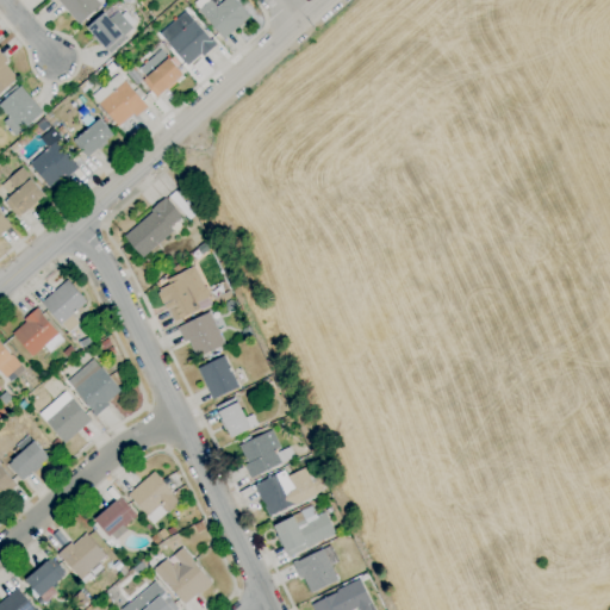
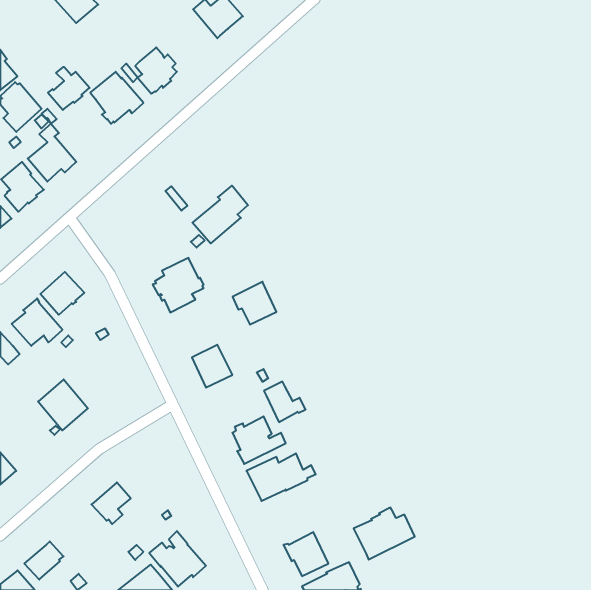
building: [87,5,132,54] -> none
building: [160,11,217,66] -> none
building: [71,113,114,157] -> [48,67,90,110]
building: [124,198,181,257] -> [192,186,248,243]
building: [179,312,224,356] -> [233,282,276,325]
building: [67,359,120,417] -> none
building: [216,397,259,438] -> [264,382,306,422]
building: [7,441,49,480] -> none
building: [129,471,180,524] -> none
building: [273,504,336,558] -> [354,508,415,560]
building: [57,533,106,584] -> none

